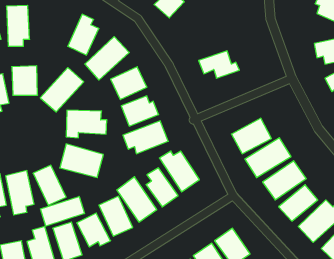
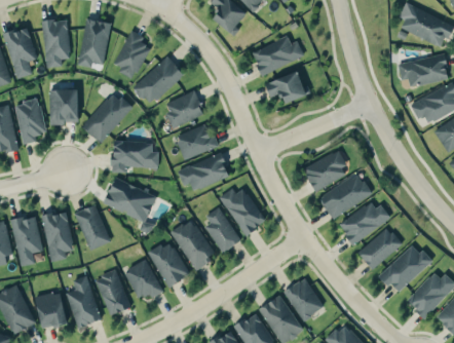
building: none -> [78,18,109,67]
building: none -> [251,36,304,75]
building: [41,196,84,226] -> none

